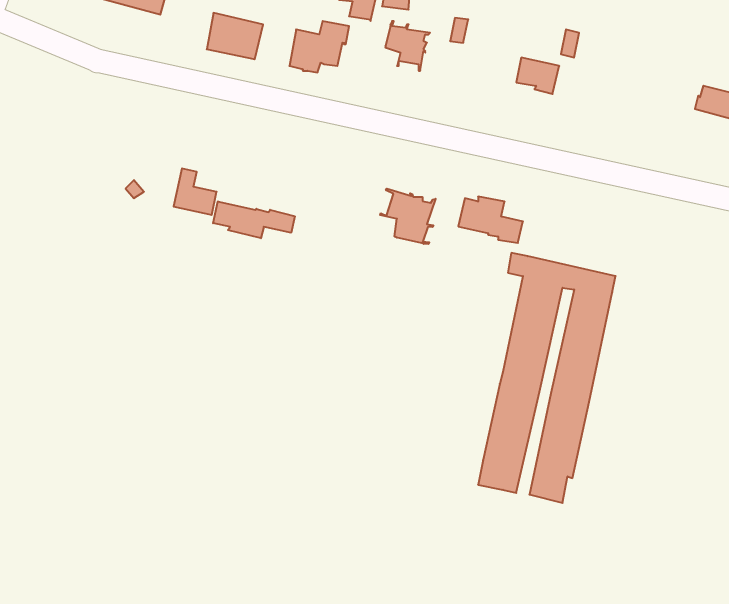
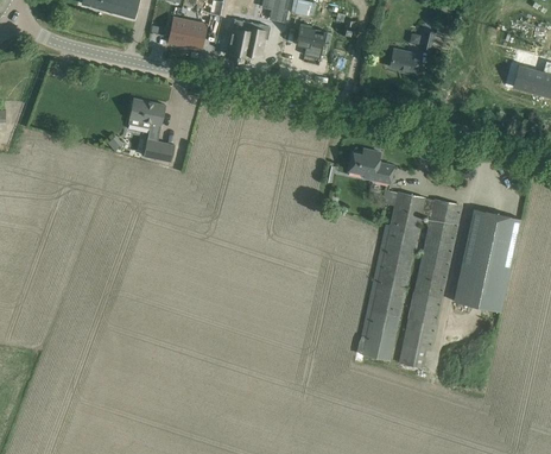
building: none -> [128,99,164,126]
building: [380,189,436,244] -> none
building: [213,201,295,238] -> none
building: none -> [452,209,519,311]

